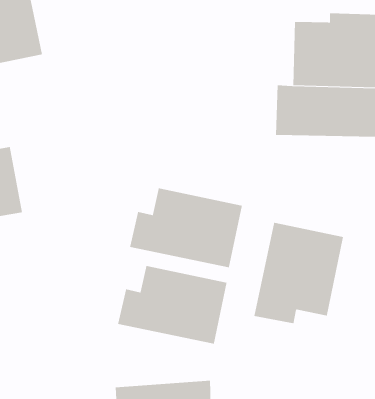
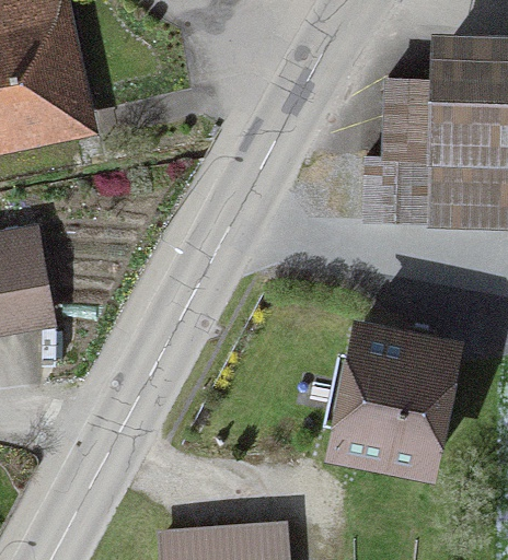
building: [129,187,243,268] -> none
building: [118,265,227,344] -> none

